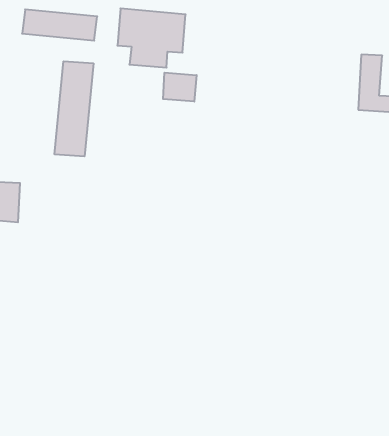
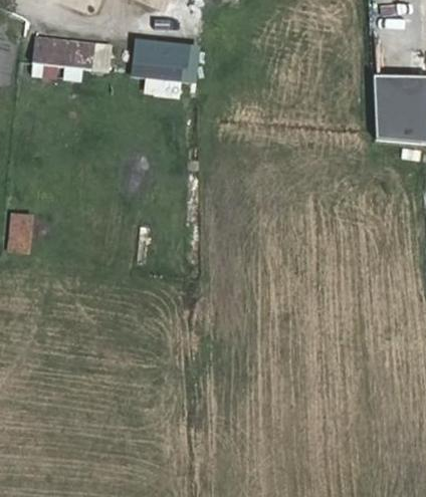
building: [55,61,93,156] -> none
building: [163,73,197,102] -> none

